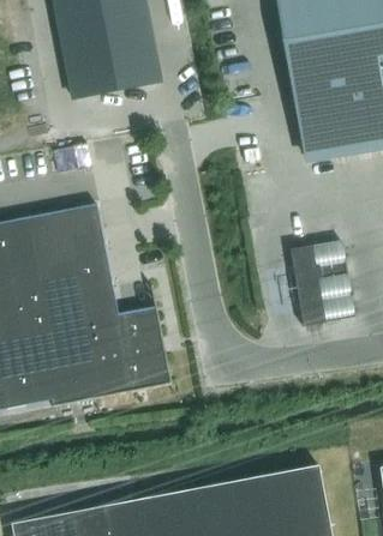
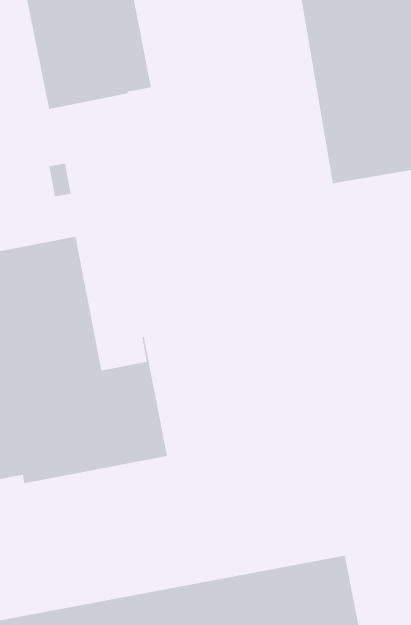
building: [288,240,354,327] -> none

